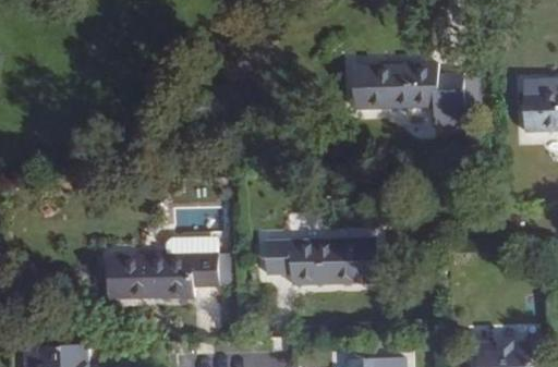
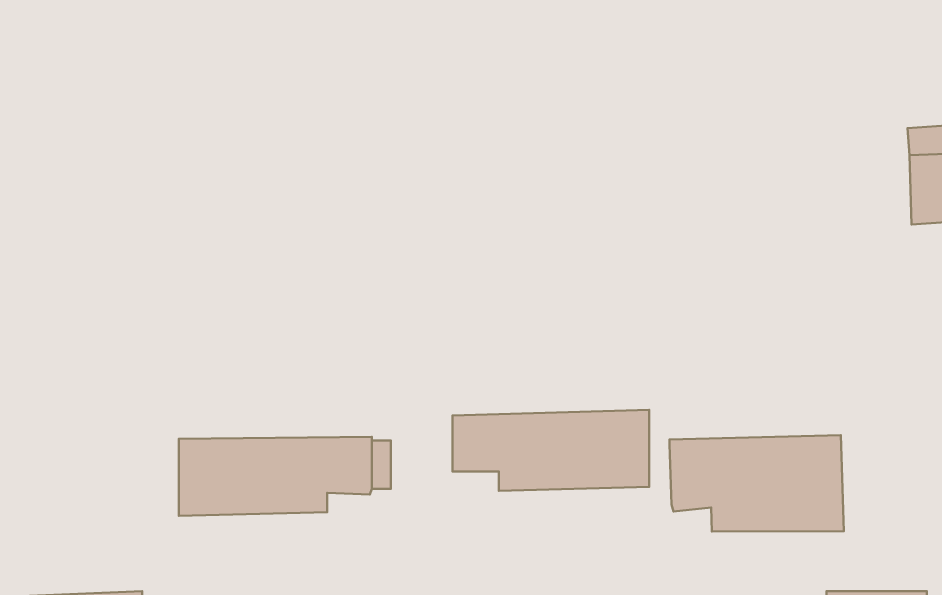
building: [352,63,465,127] -> none
building: none -> [669,435,844,532]

